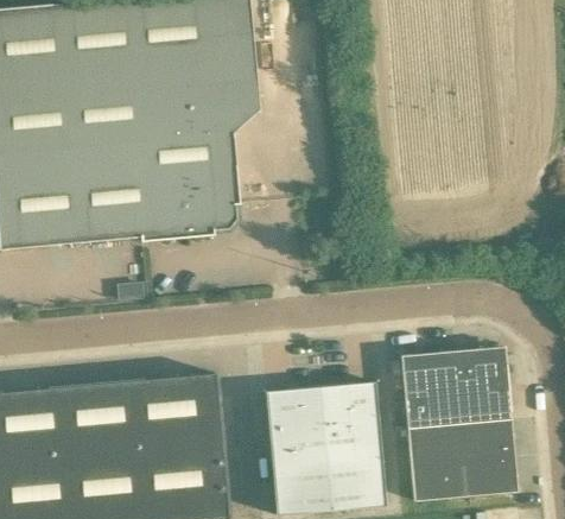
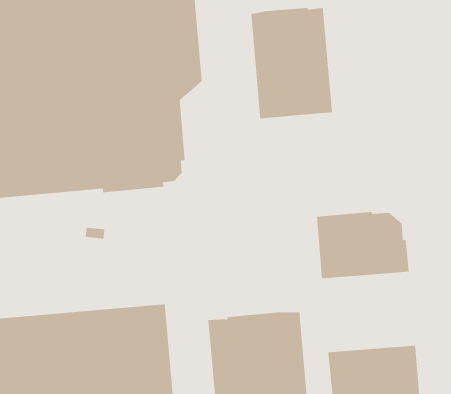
building: none -> [251,7,332,119]
building: [400,350,510,430] -> [316,211,410,279]

